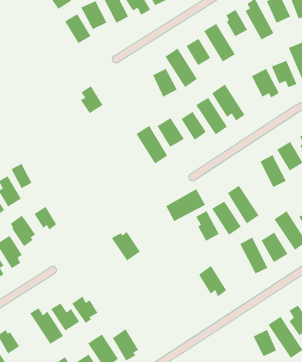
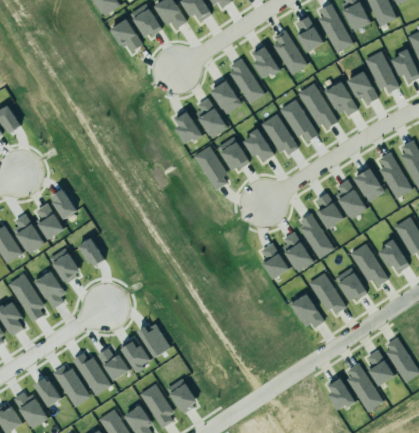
building: none -> [297,80,337,126]
building: none -> [196,96,225,133]
building: [80,85,104,114] -> [174,108,201,141]
building: none -> [316,193,344,229]
building: [165,188,206,222] -> none
building: [111,231,141,262] -> [137,323,171,358]
building: [198,265,227,297] -> [291,290,324,327]
building: none -> [51,364,90,408]

